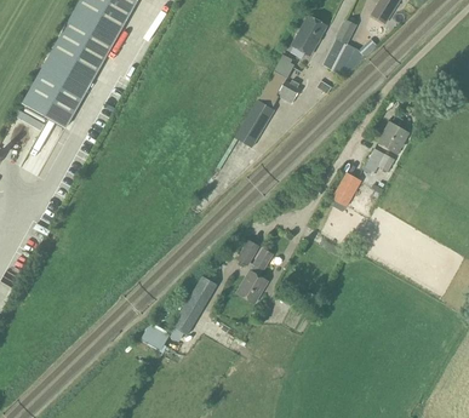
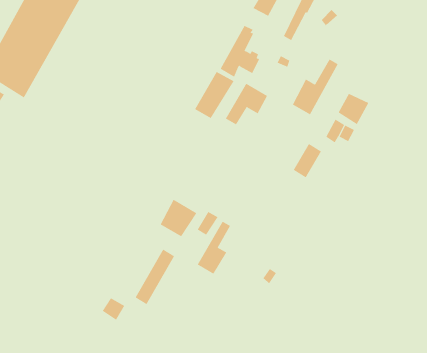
building: none -> [292,59,339,115]
building: none -> [225,83,268,125]
building: none -> [160,199,197,237]

